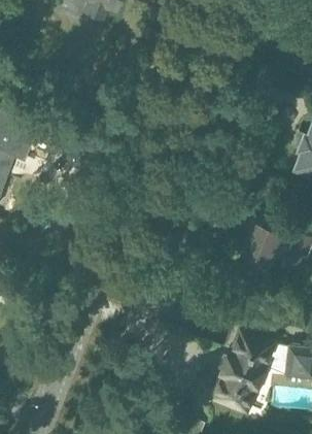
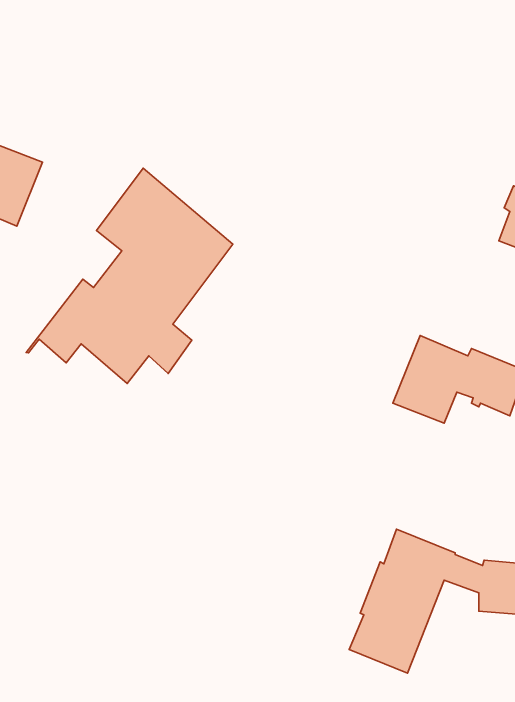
building: none -> [26,168,233,384]

